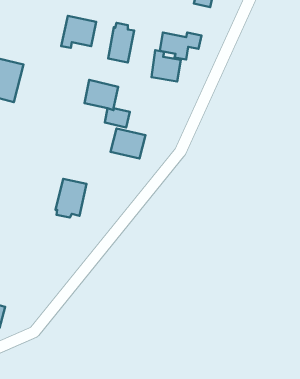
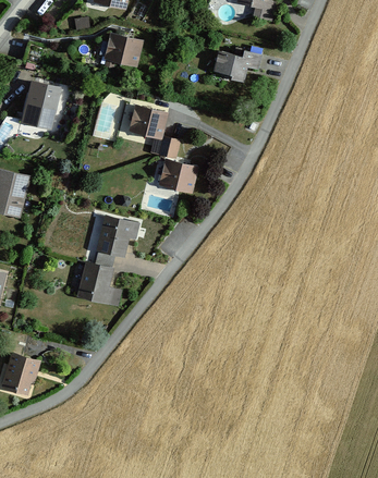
building: [108,23,134,63] -> none
building: [151,50,181,81] -> none
building: none -> [77,256,112,303]

